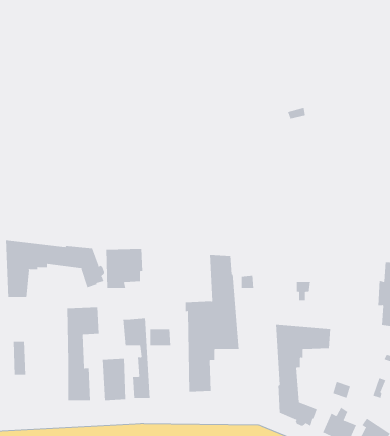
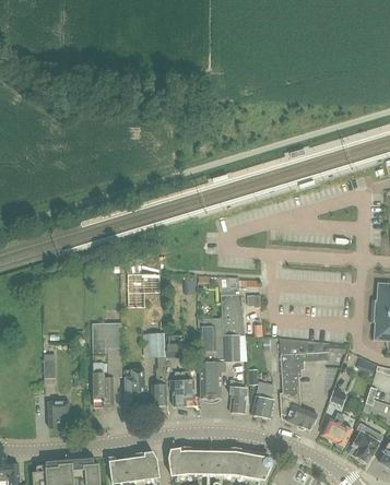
building: [6,239,105,298] -> none
building: none -> [170,370,194,405]
building: none -> [229,378,247,412]
building: none -> [251,386,274,417]
building: none -> [48,401,70,427]

